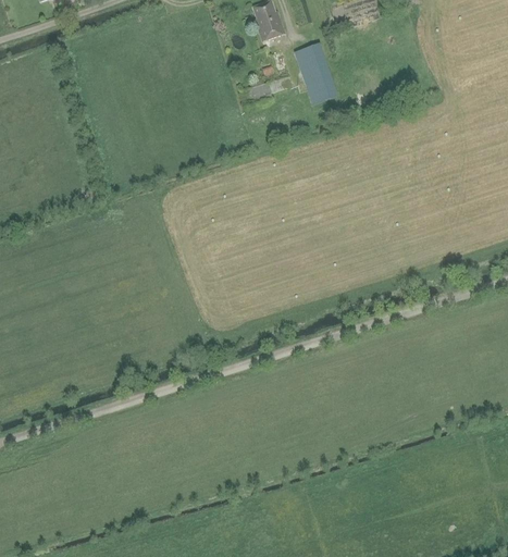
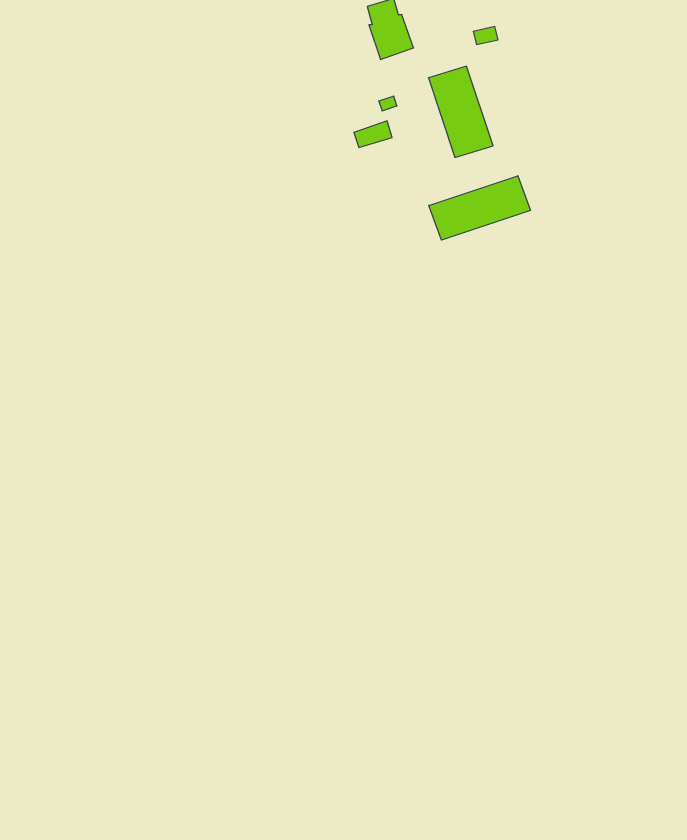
building: none -> [429,176,531,240]

